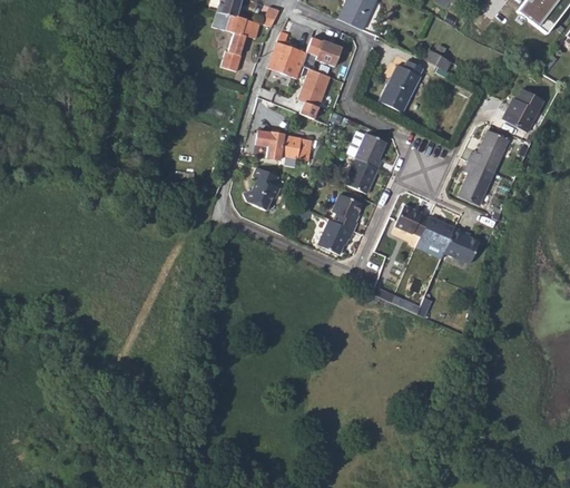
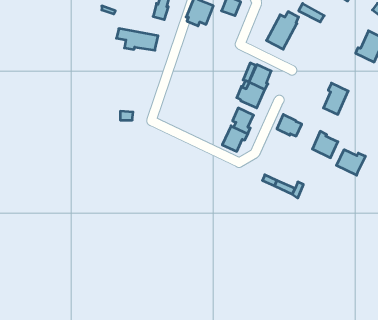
building: [298,68,331,119] -> none
building: [468,128,508,170] -> none
building: [256,130,314,160] -> [116,29,158,50]
building: [246,165,283,209] -> none
building: [419,215,454,250] -> none
building: none -> [336,150,365,175]

